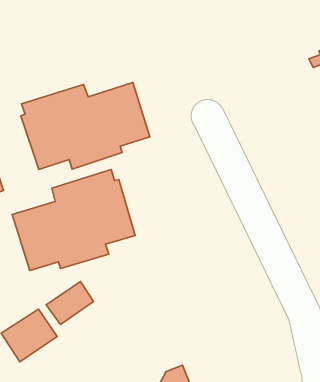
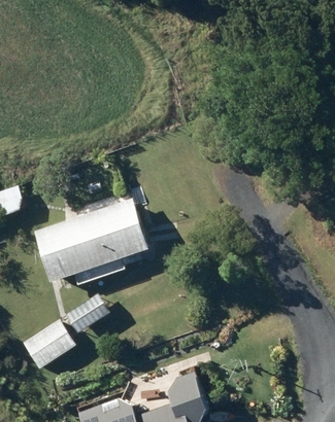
building: [21,82,150,170] -> none

